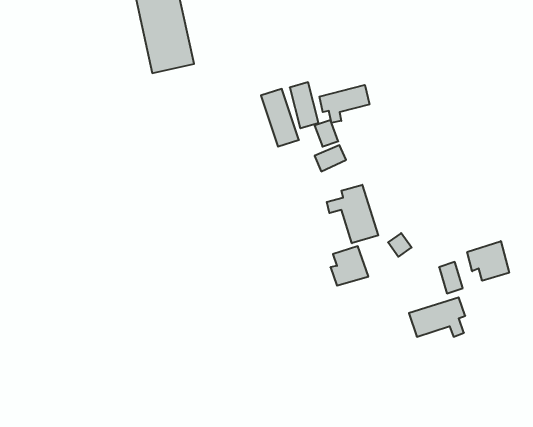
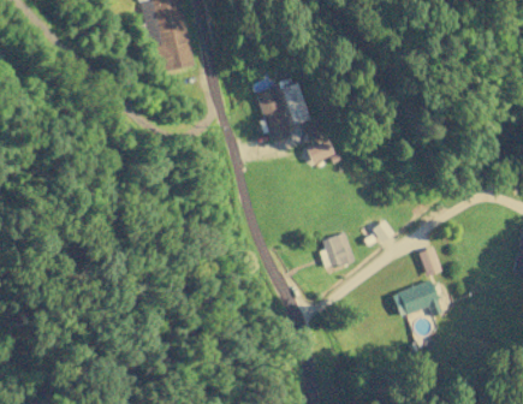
building: [319,85,369,123] -> none
building: [327,185,378,243] -> none
building: [467,241,509,281] -> none

